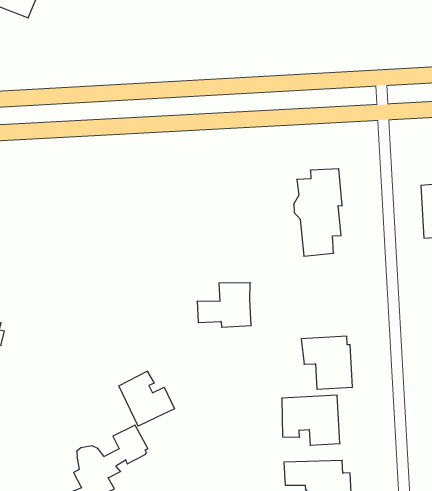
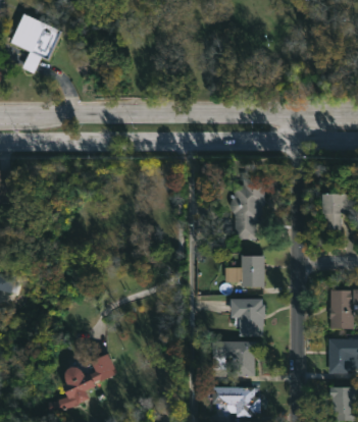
building: [197,283,251,327] -> [224,255,263,286]
building: [119,371,174,426] -> none

